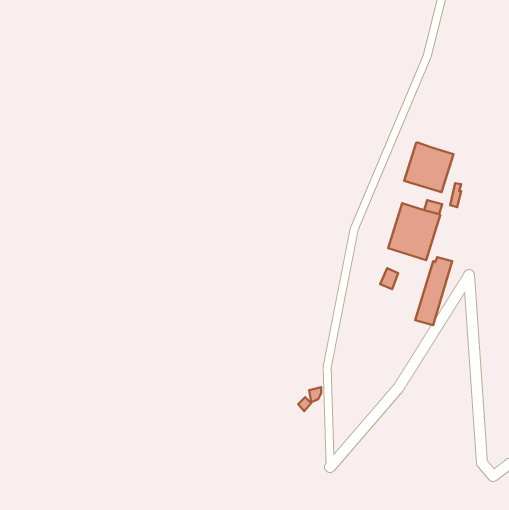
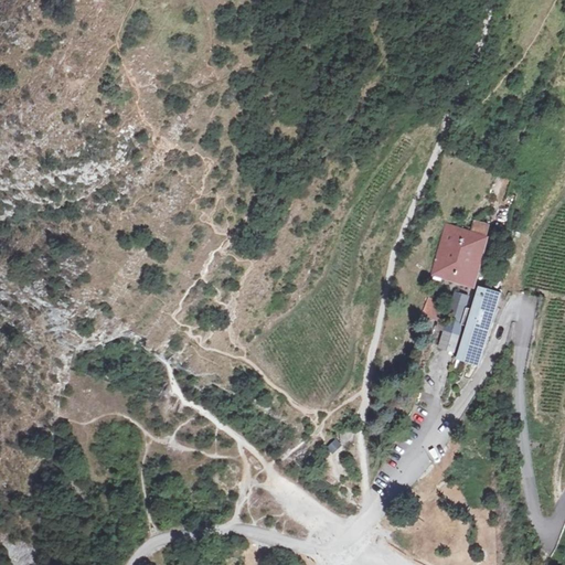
building: [404,143,453,192] -> none

